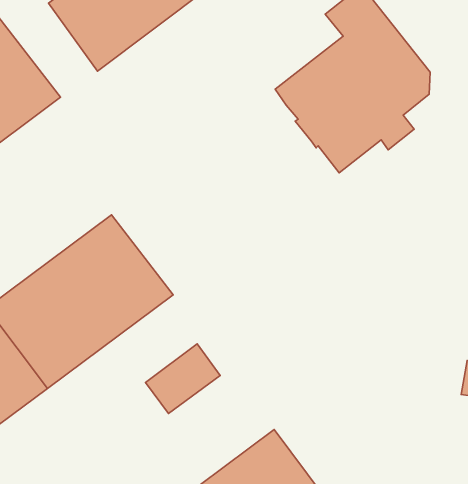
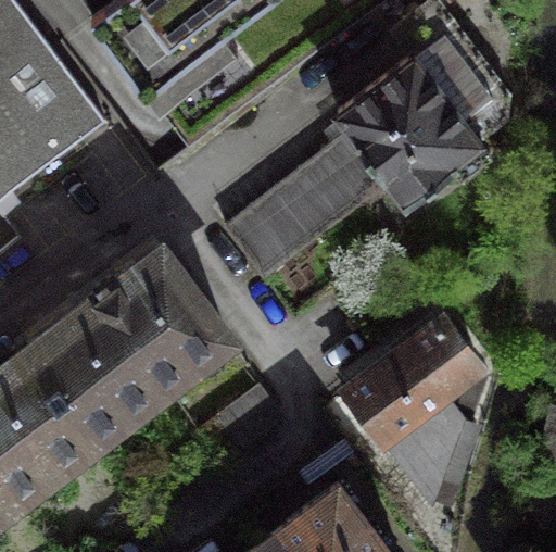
building: none -> [224,129,377,278]
building: none -> [346,317,485,498]

